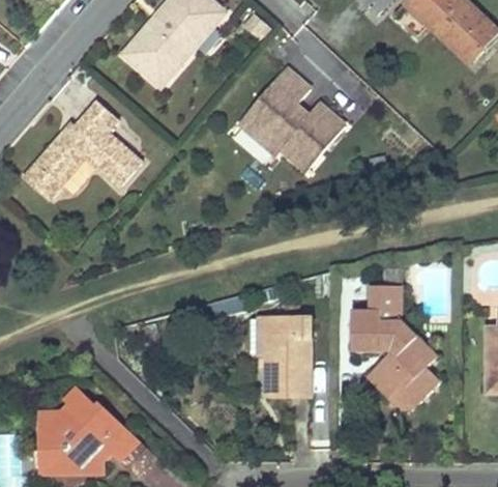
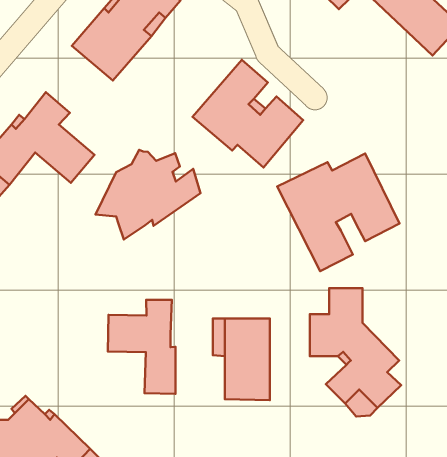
building: none -> [96,150,201,239]
building: none -> [277,154,399,271]
building: none -> [108,300,176,394]

